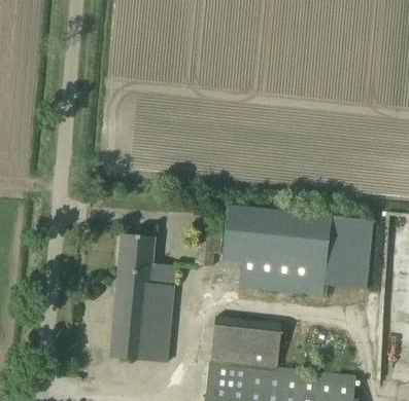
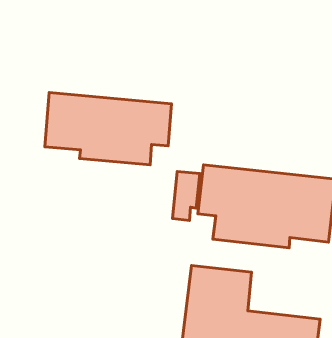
building: none -> [45,93,172,165]
building: [110,234,176,363] -> none

